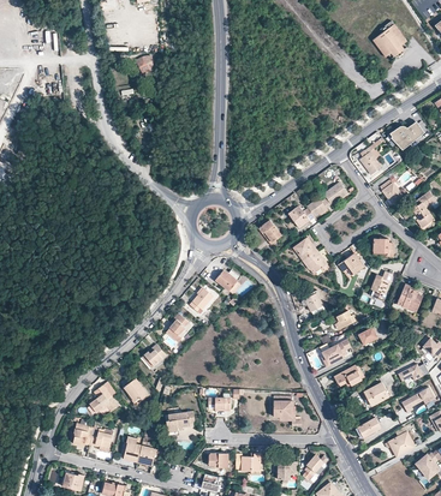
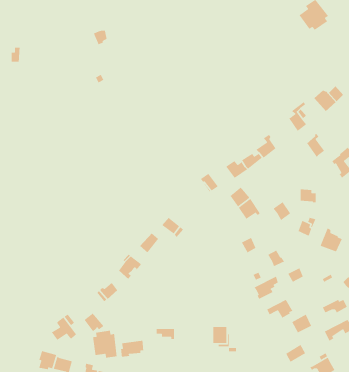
building: none -> [92,330,117,359]

